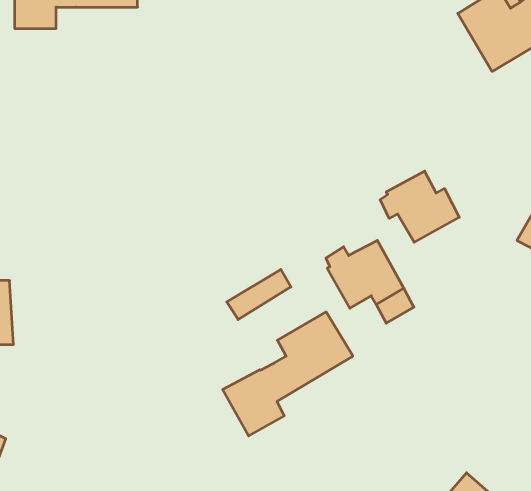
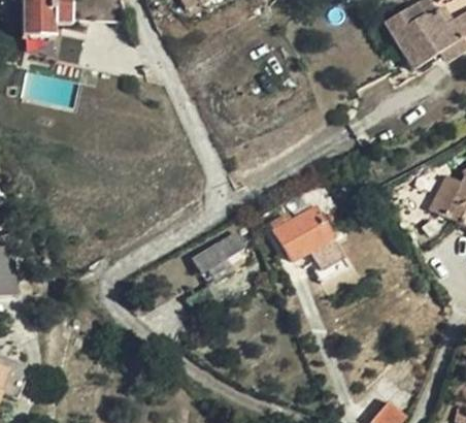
building: [380,171,459,242] -> none
building: [223,312,353,436] -> none

